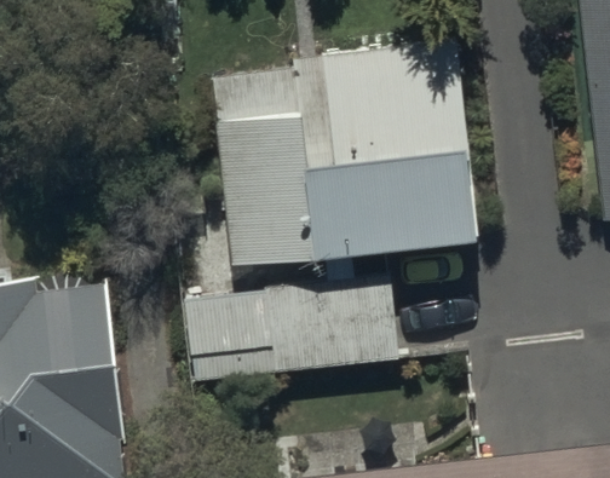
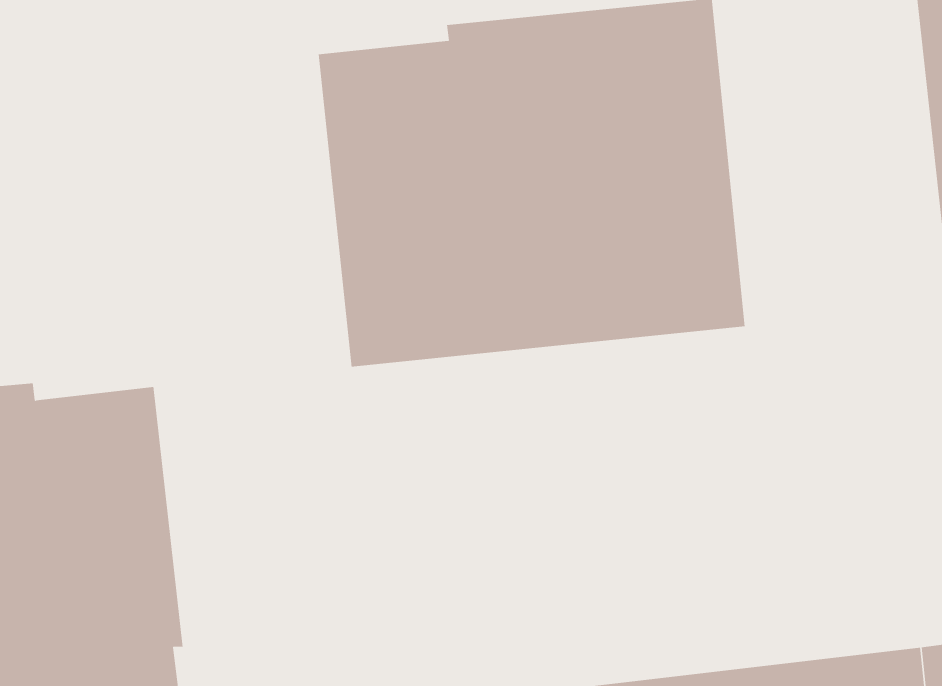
building: [183,275,399,384] -> none

